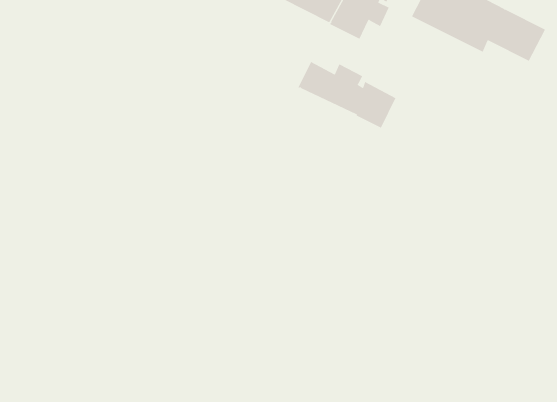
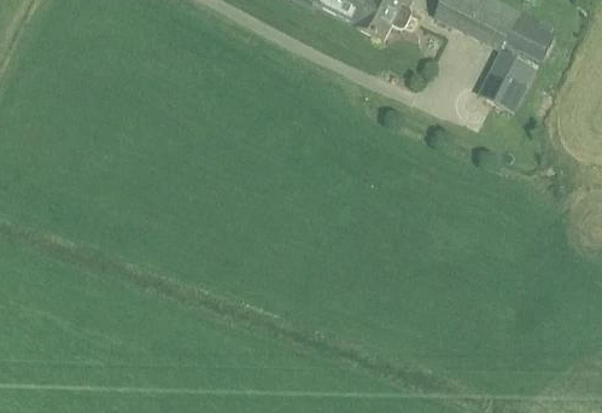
building: none -> [480,52,532,110]
building: [298,61,396,128] -> none

